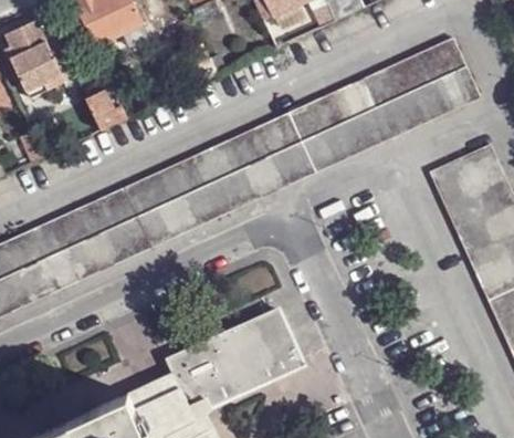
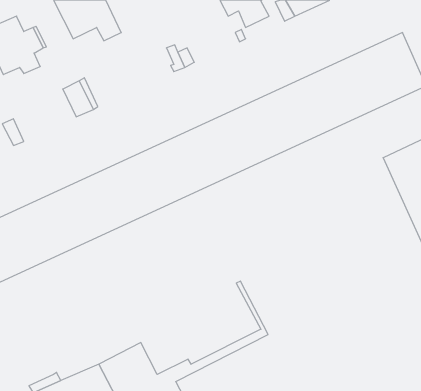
building: [165,307,298,406] -> none

